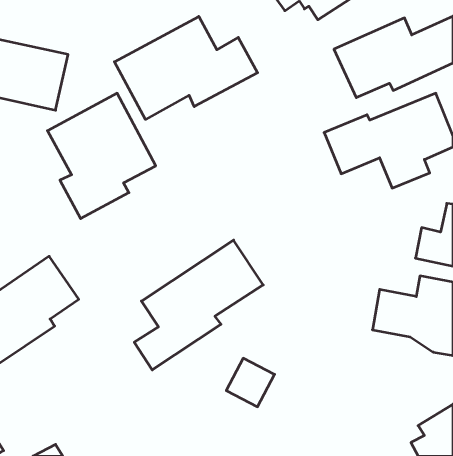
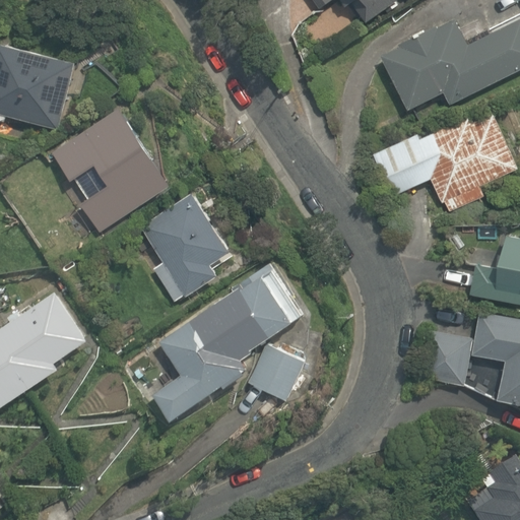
building: [114,16,258,119] -> none
building: none -> [140,193,232,301]
building: [226,358,275,407] -> [247,345,302,400]

